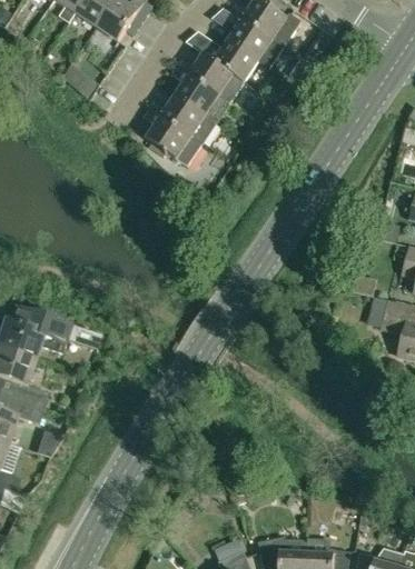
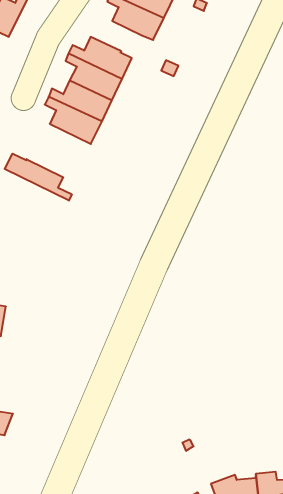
building: [204,40,258,82] -> none
building: none -> [5,154,72,201]

